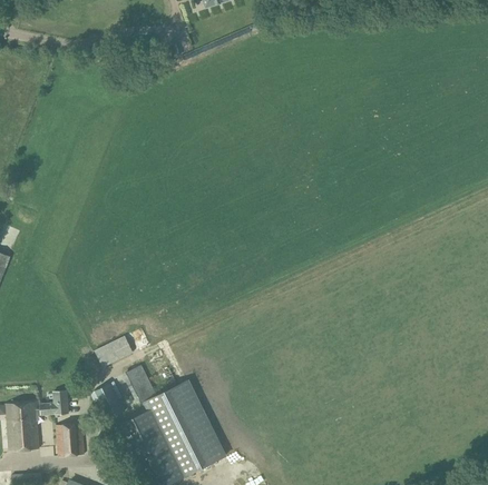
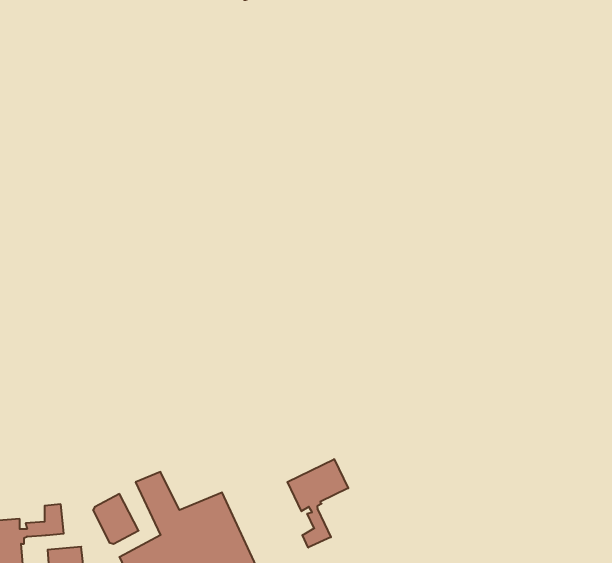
building: [95,335,134,366] -> none
building: none -> [287,459,348,548]

